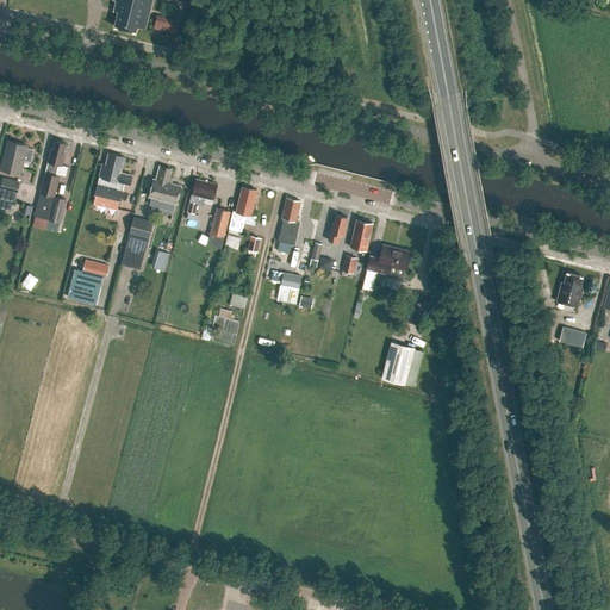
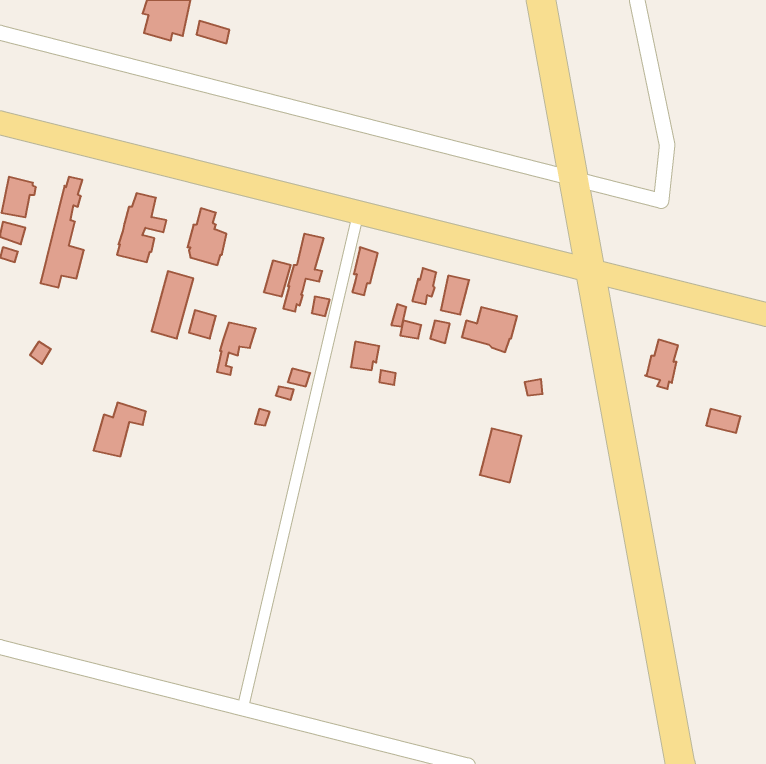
building: [187,180,218,222] -> [217,323,256,375]
building: [67,260,108,303] -> [93,403,146,456]
building: [556,273,583,312] -> [645,340,678,389]

